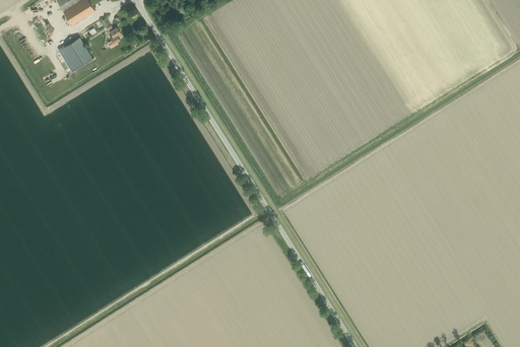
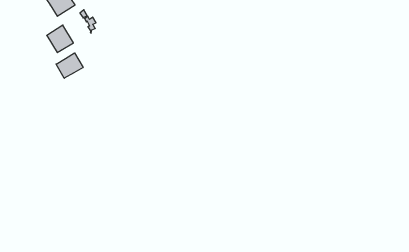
building: none -> [56,53,83,78]

